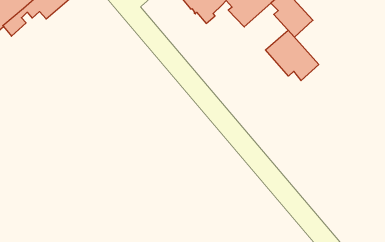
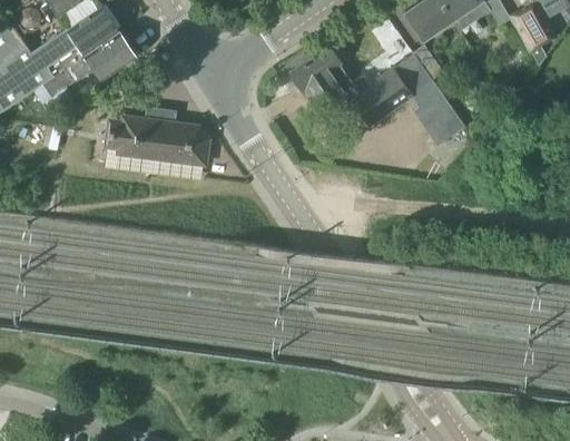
building: [265,30,319,81] -> none
building: none -> [107,117,207,163]

